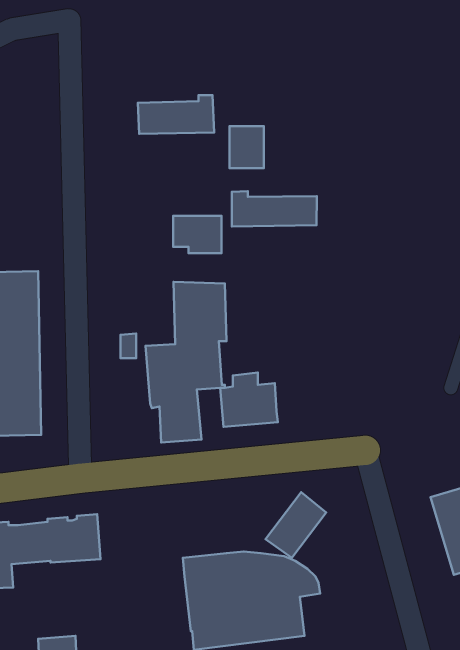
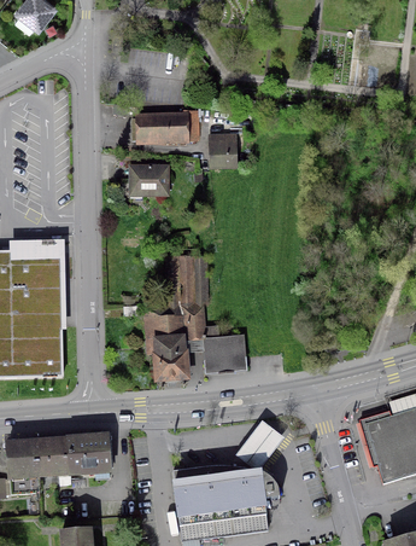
building: [232,191,317,227] -> none
building: [173,216,221,253] -> [129,167,166,196]

